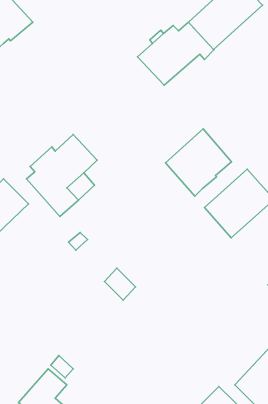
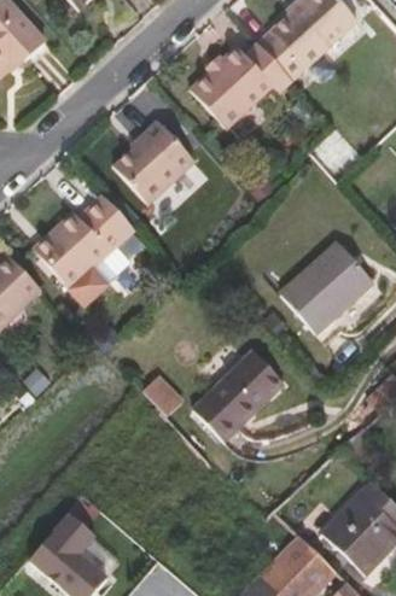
building: none -> [113,121,194,204]
building: [165,129,232,196] -> none
building: none -> [191,350,284,442]

